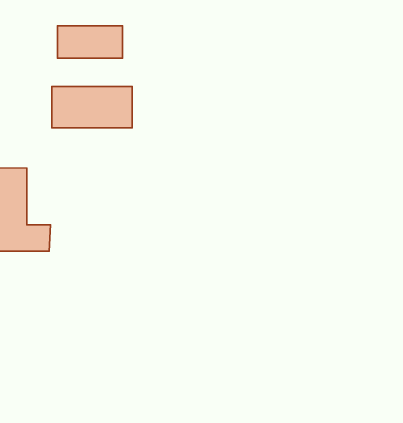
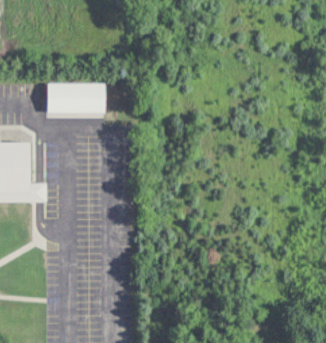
building: [57,26,122,58] -> none

